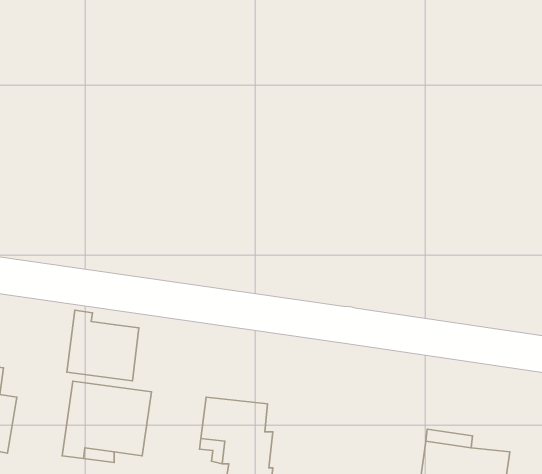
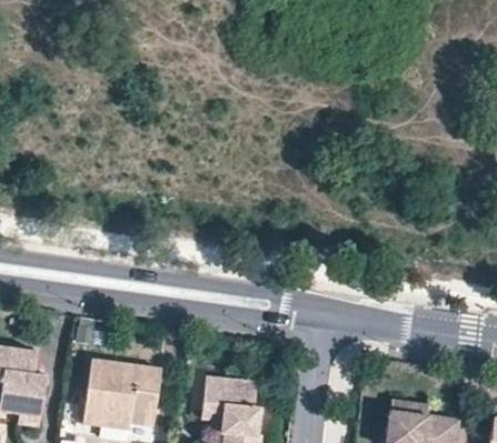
building: [67,310,139,381] -> none

